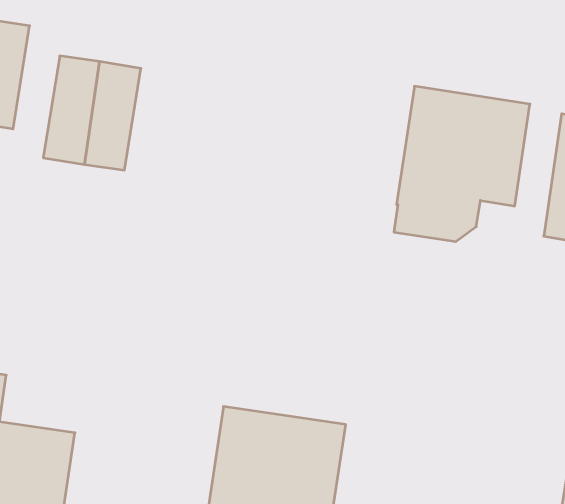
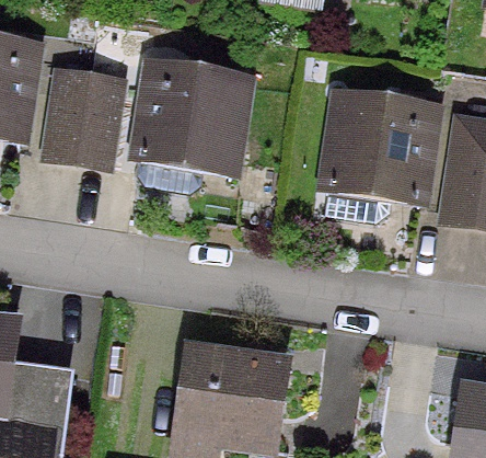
building: none -> [135,67,241,192]

